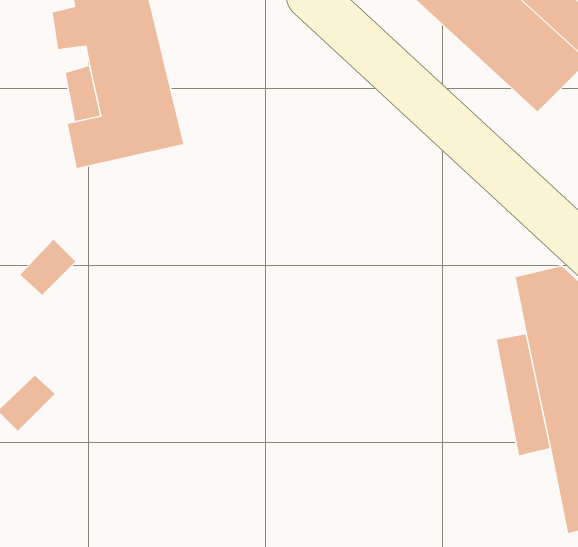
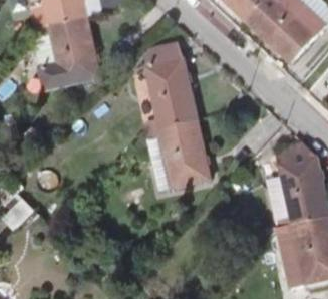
building: none -> [143,42,211,191]

